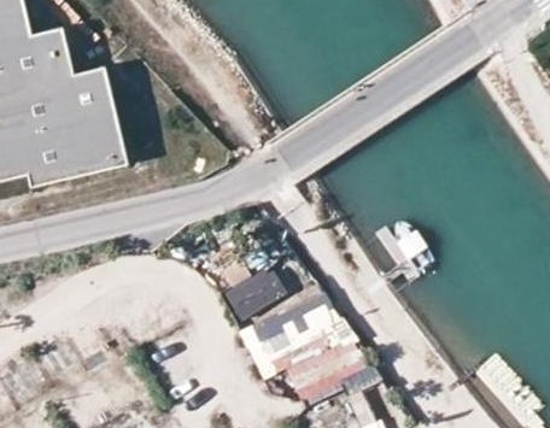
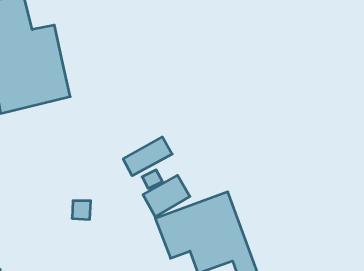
building: none -> [123,137,172,176]

